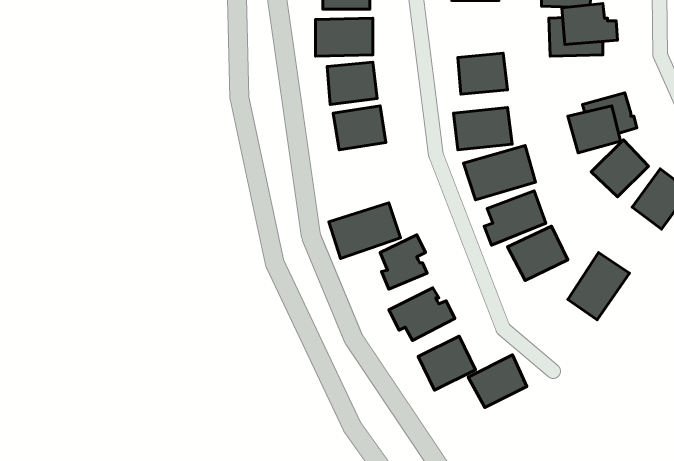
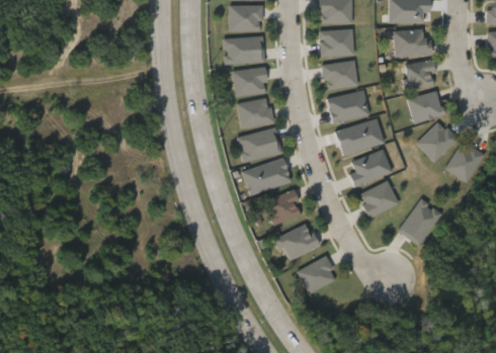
building: none -> [321,29,353,56]
building: none -> [405,58,437,89]
building: none -> [238,126,283,161]
building: [468,355,527,408] -> none

